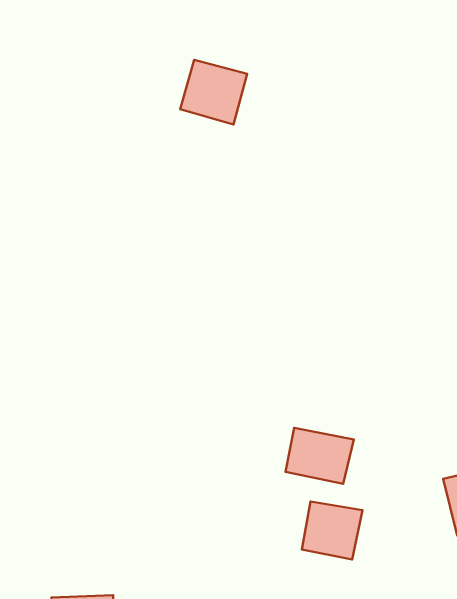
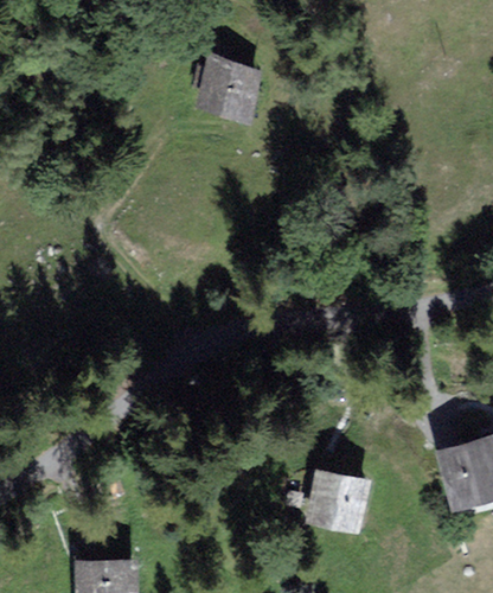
building: [285,428,354,484] -> none

